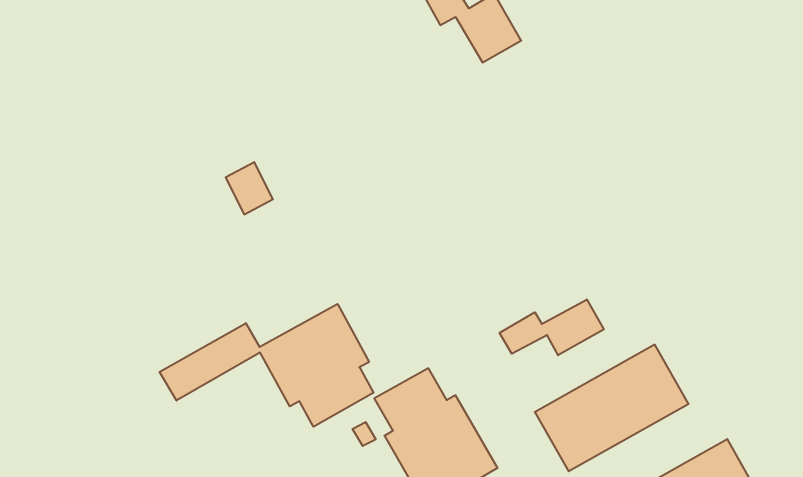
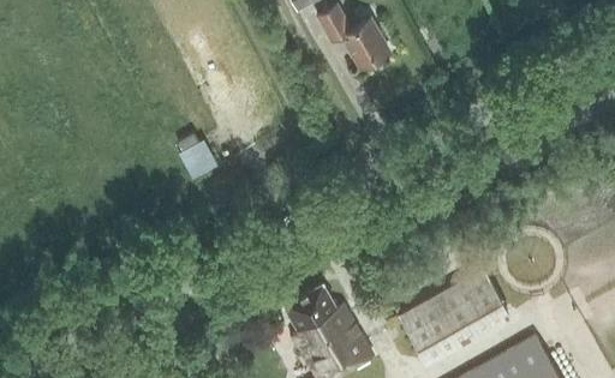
building: [500,299,604,355] -> none
building: [160,304,373,427] -> none

